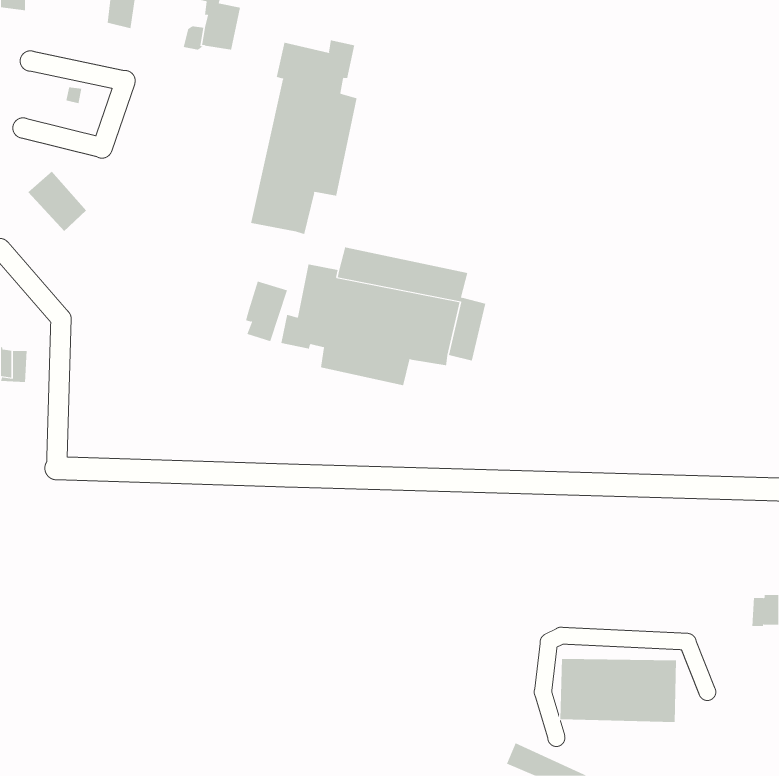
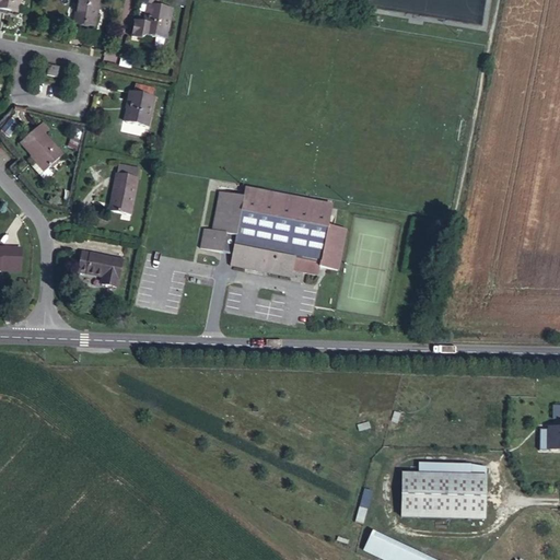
building: [251,39,357,235] -> none
building: none -> [124,86,154,122]
building: [245,281,288,342] -> [106,172,137,215]
building: none -> [70,252,115,284]

